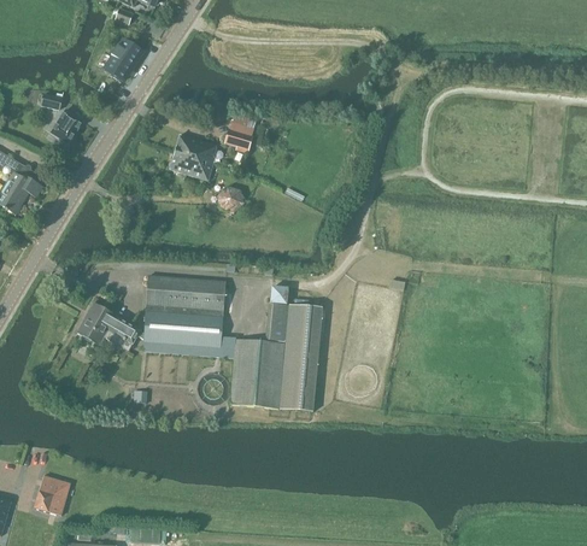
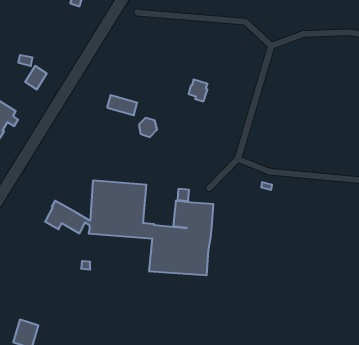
building: [104,37,142,81] -> none
building: [225,121,253,152] -> [188,80,208,101]
building: [174,134,216,162] -> none

